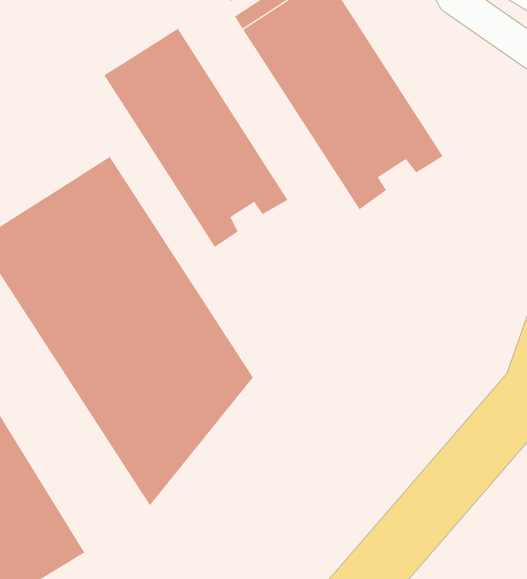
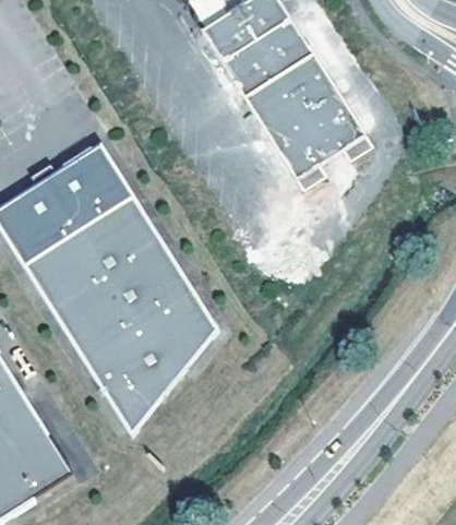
building: [103,28,288,248] -> none

